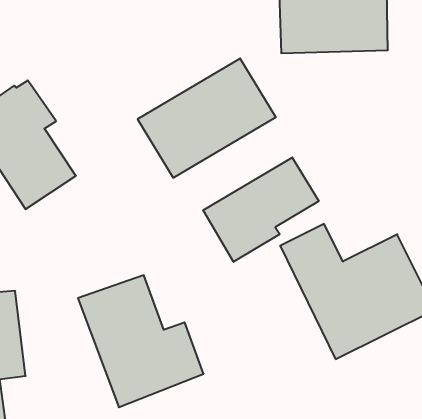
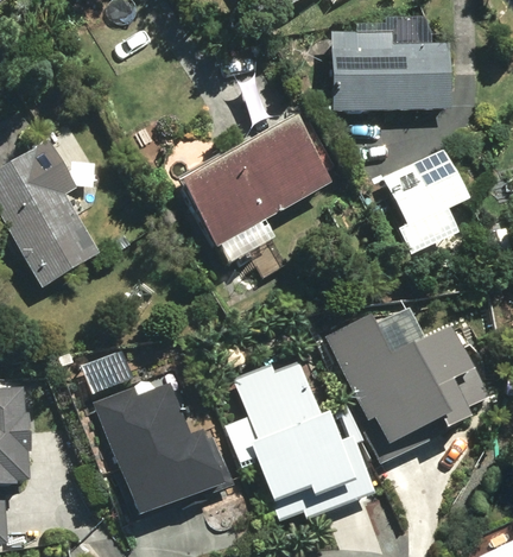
building: none -> [378,148,463,230]
building: [203,157,319,262] -> none
building: none -> [230,344,379,521]

